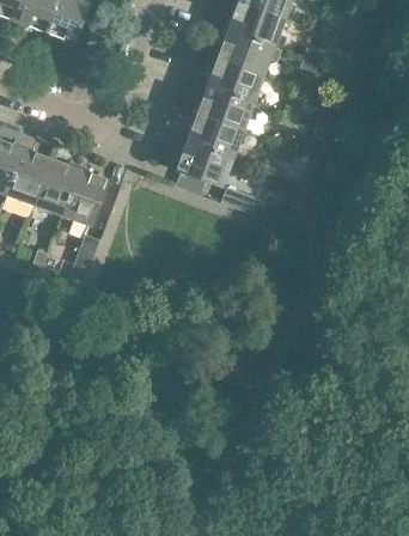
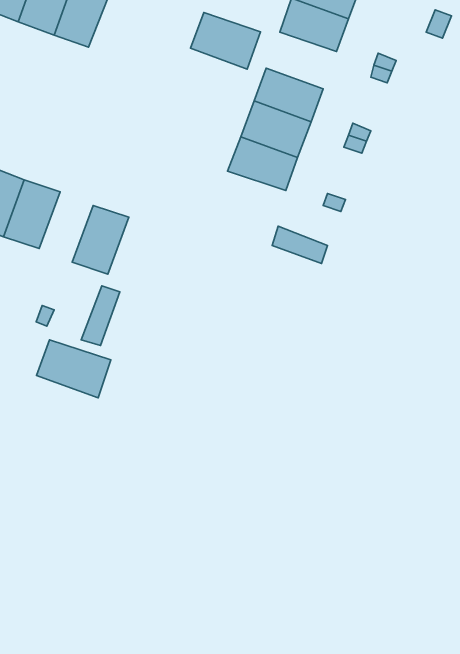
building: [216,30,273,75] -> [190,12,261,69]
building: [176,141,232,185] -> none
building: [35,158,78,214] -> none
building: none -> [37,340,111,398]

